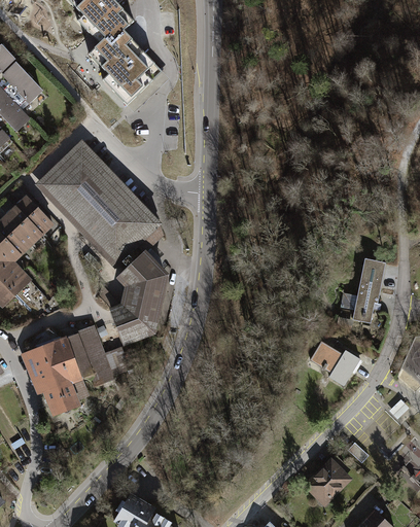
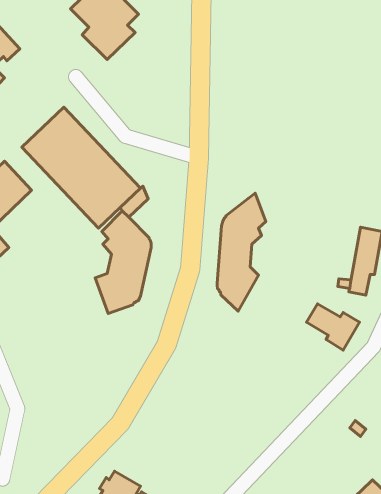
building: none -> [217,193,266,311]
building: [26,327,112,415] -> none
building: [307,461,349,498] -> none

